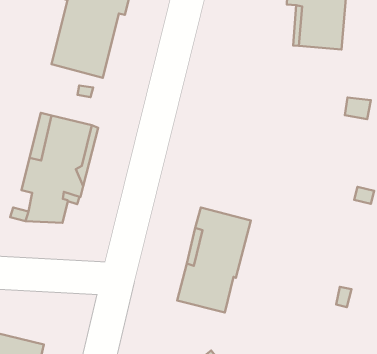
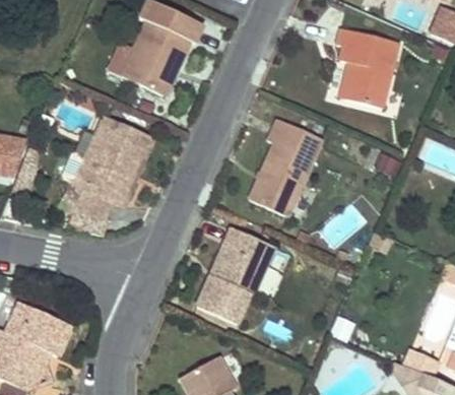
building: none -> [248,120,321,216]

